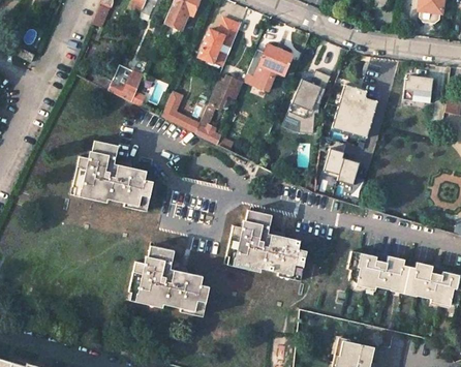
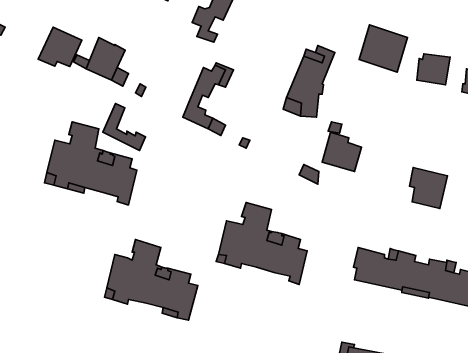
building: [247,44,293,91] -> none
building: none -> [38,27,82,66]
building: [161,92,199,134] -> [103,103,145,151]
building: [334,93,377,135] -> [359,25,408,72]
building: none -> [409,167,448,208]

